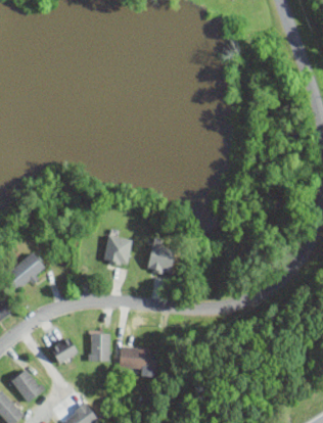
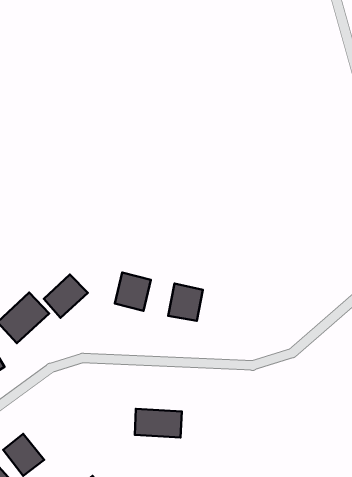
building: none -> [44,274,88,318]
building: [88,333,109,361] -> none
building: [49,336,78,365] -> none

